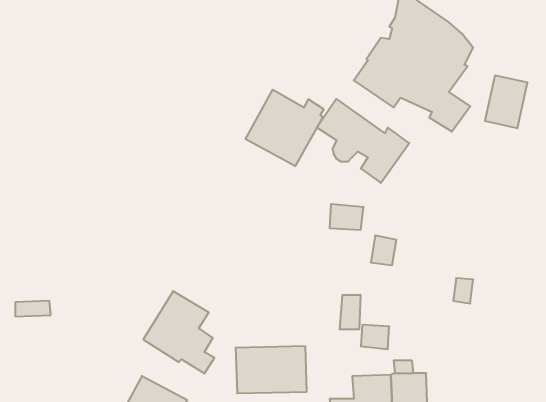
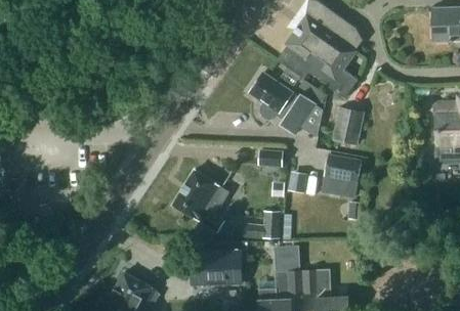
building: [485,75,528,128] -> [333,106,364,144]
building: [245,90,324,166] -> none
building: none -> [321,153,361,198]
building: [143,291,214,374] -> [172,170,223,229]

